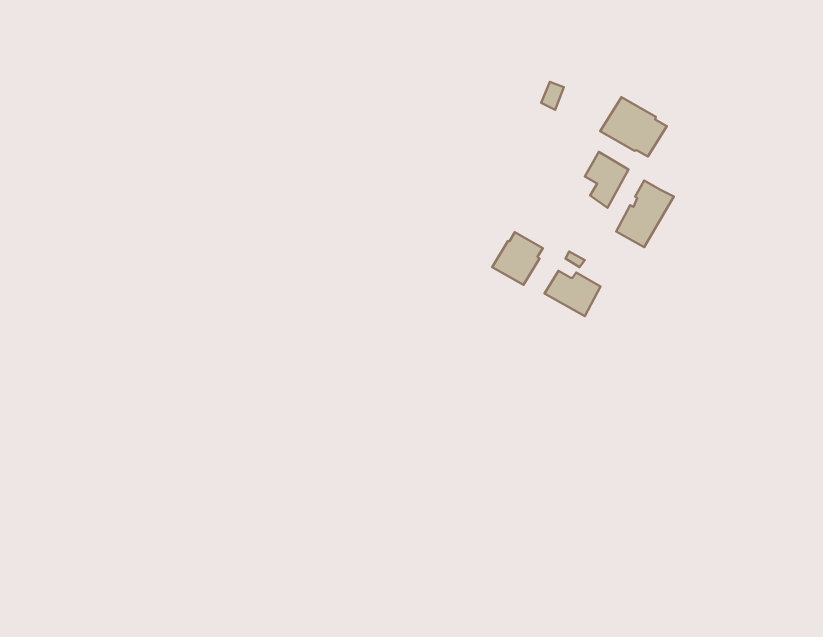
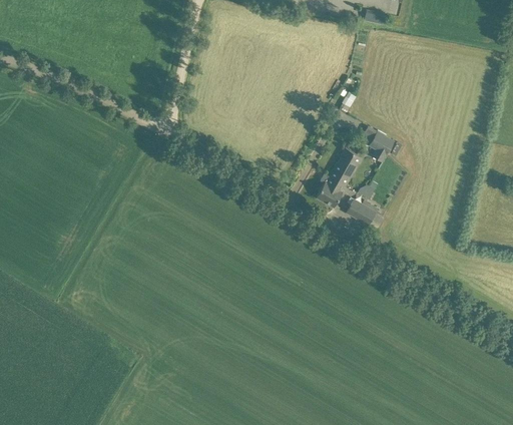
building: [600,97,667,157] -> none
building: [616,181,674,247] -> [329,146,362,184]

